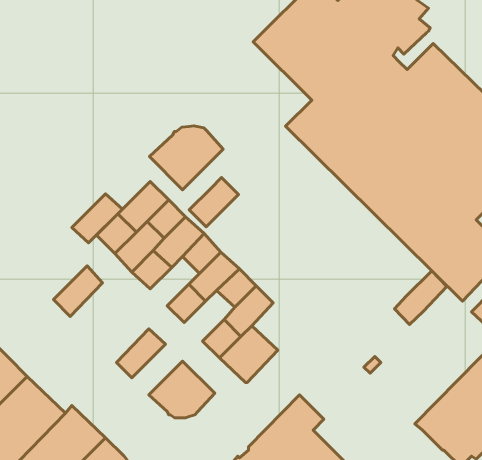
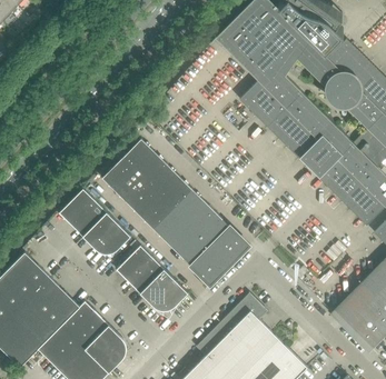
building: [149,126,223,190] -> none
building: [189,178,238,227] -> [141,193,177,229]
building: [72,194,122,243] -> [59,189,96,225]
building: [394,271,447,324] -> none
building: none -> [83,212,131,253]
building: none -> [166,218,202,255]
building: none -> [215,227,249,261]
building: none -> [128,257,165,293]

